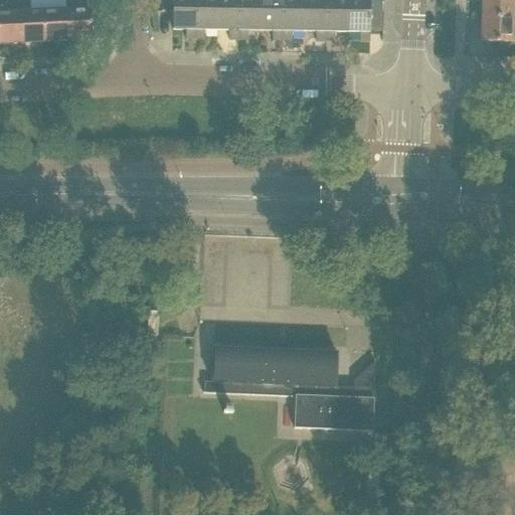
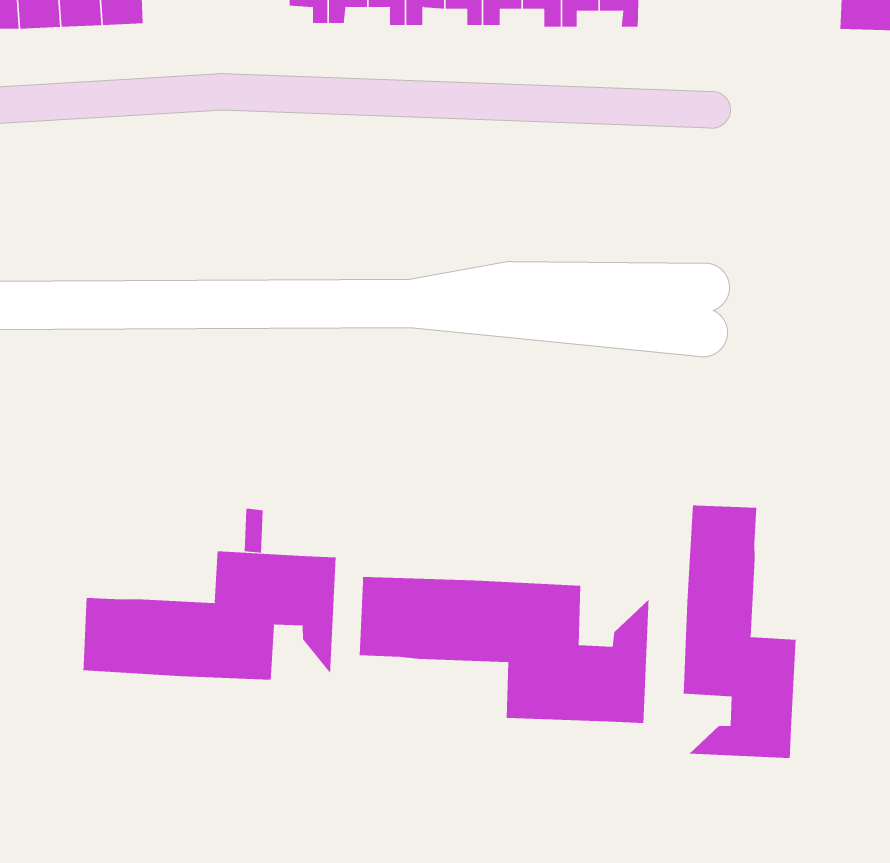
building: none -> [683,504,796,759]
building: none -> [83,551,336,680]

